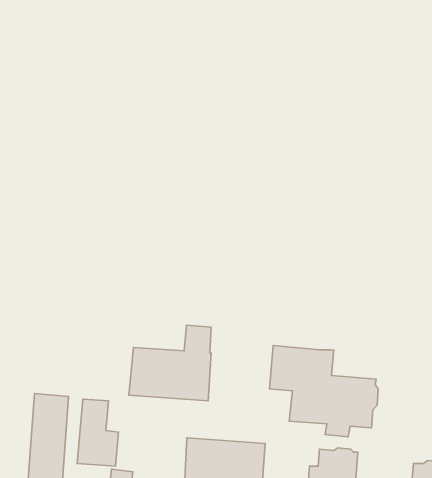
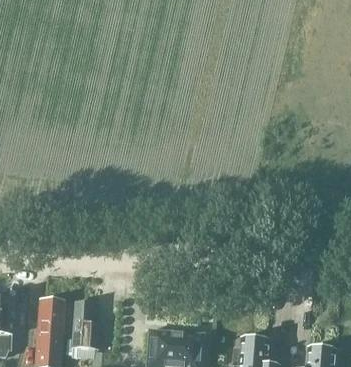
building: [129,325,211,401] -> none
building: [269,346,378,437] -> none

